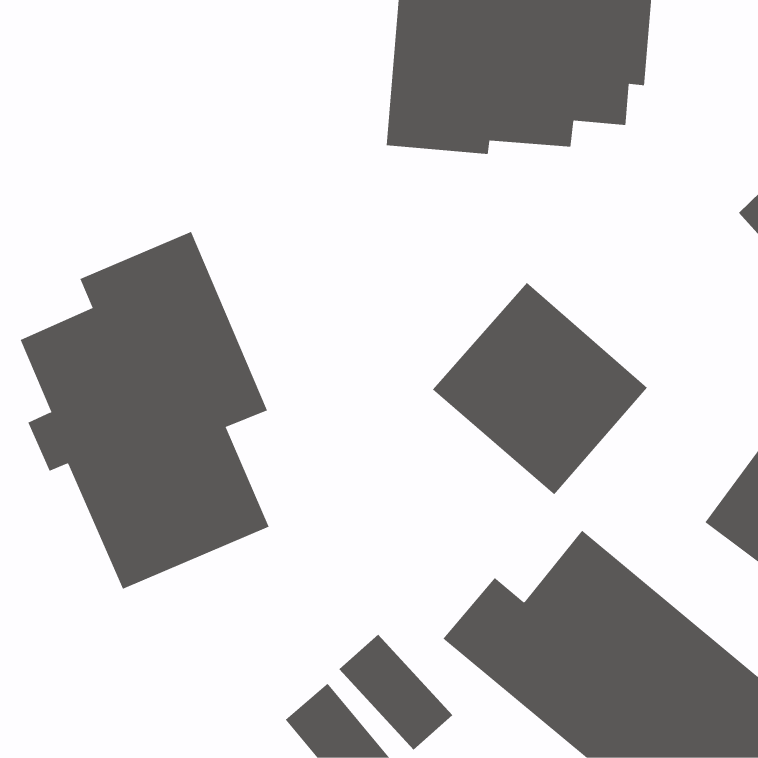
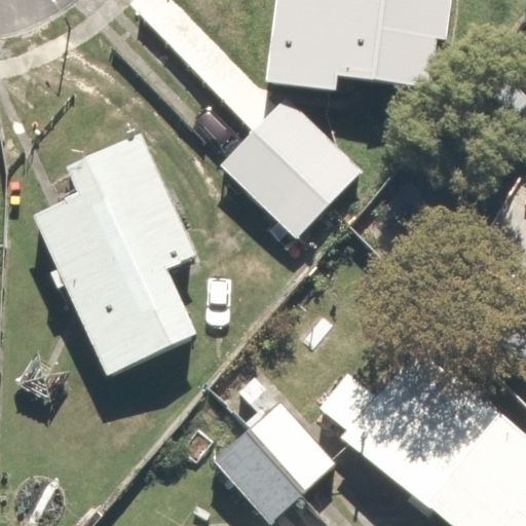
building: [432,282,648,495] -> [213,118,358,261]

